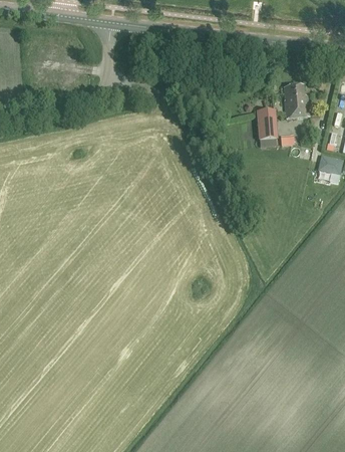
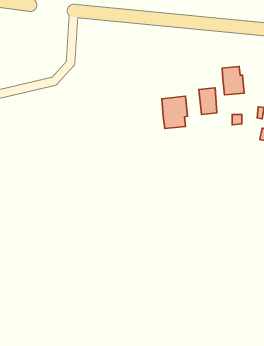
building: none -> [162,96,188,128]

